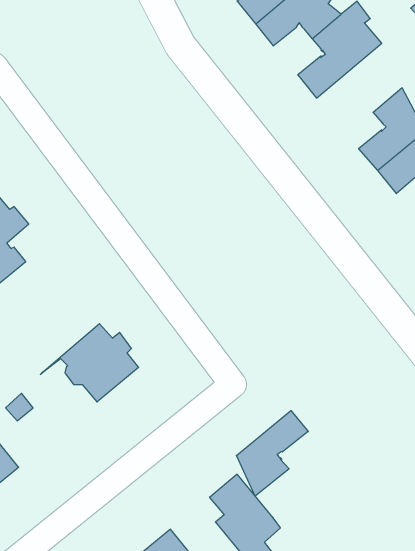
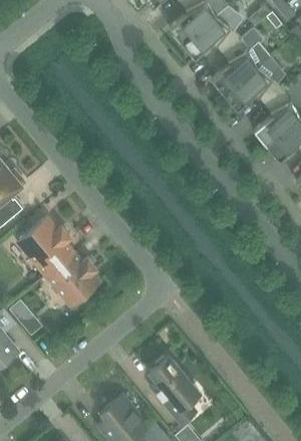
building: none -> [224,56,283,109]
building: none -> [18,216,73,286]
building: [236,411,308,496] -> none

